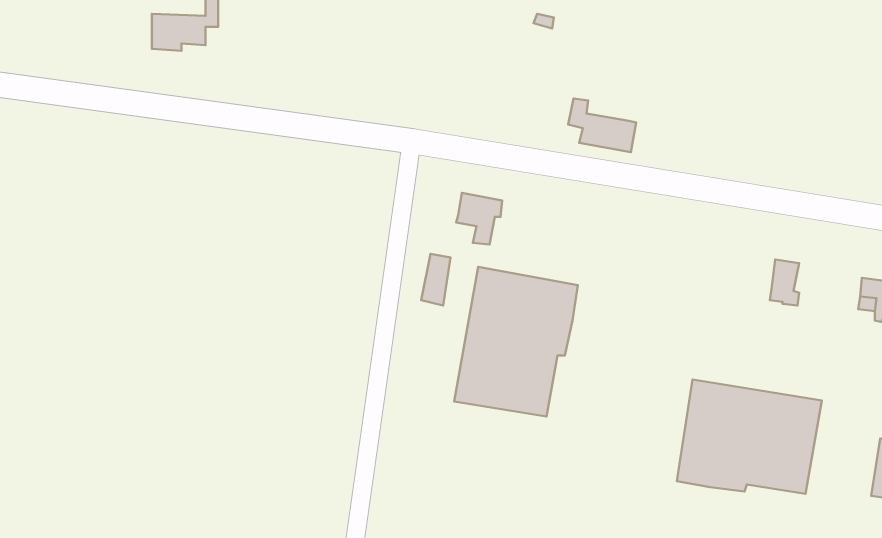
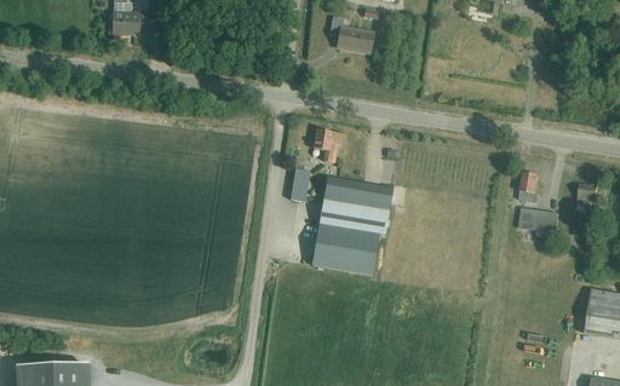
building: [568,99,636,152] -> [329,16,374,51]
building: none -> [518,206,558,231]
building: [677,379,822,494] -> none

